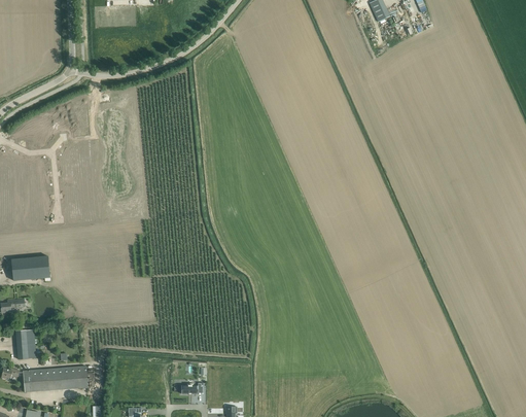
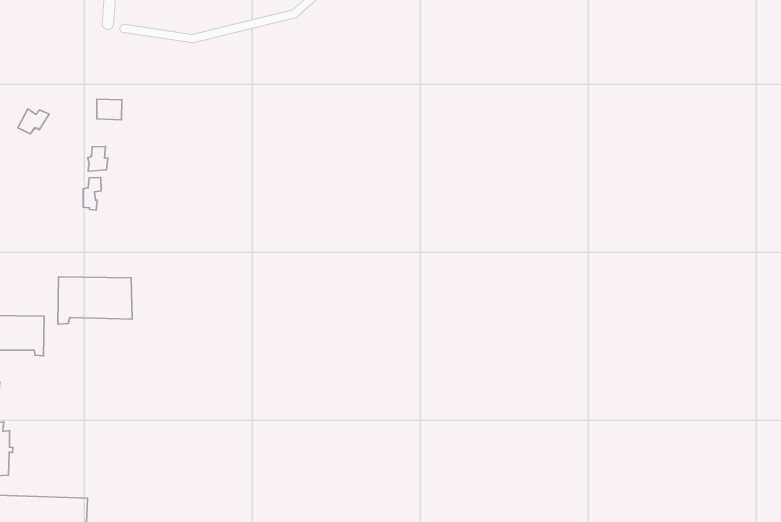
building: none -> [58,277,132,324]

